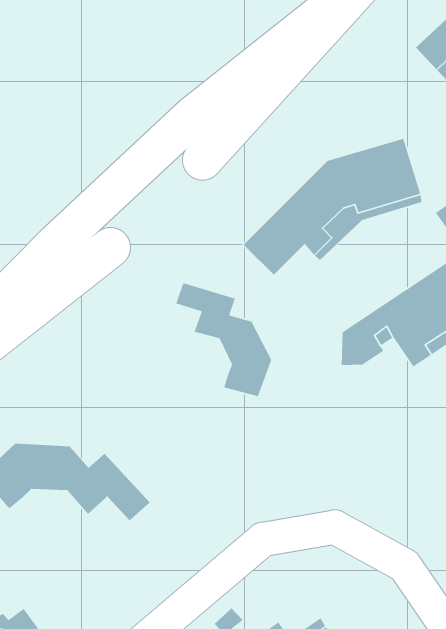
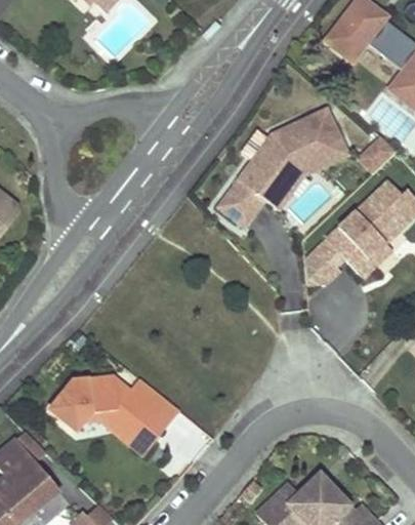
building: [175,282,272,397] -> none
building: none -> [83,410,166,454]

